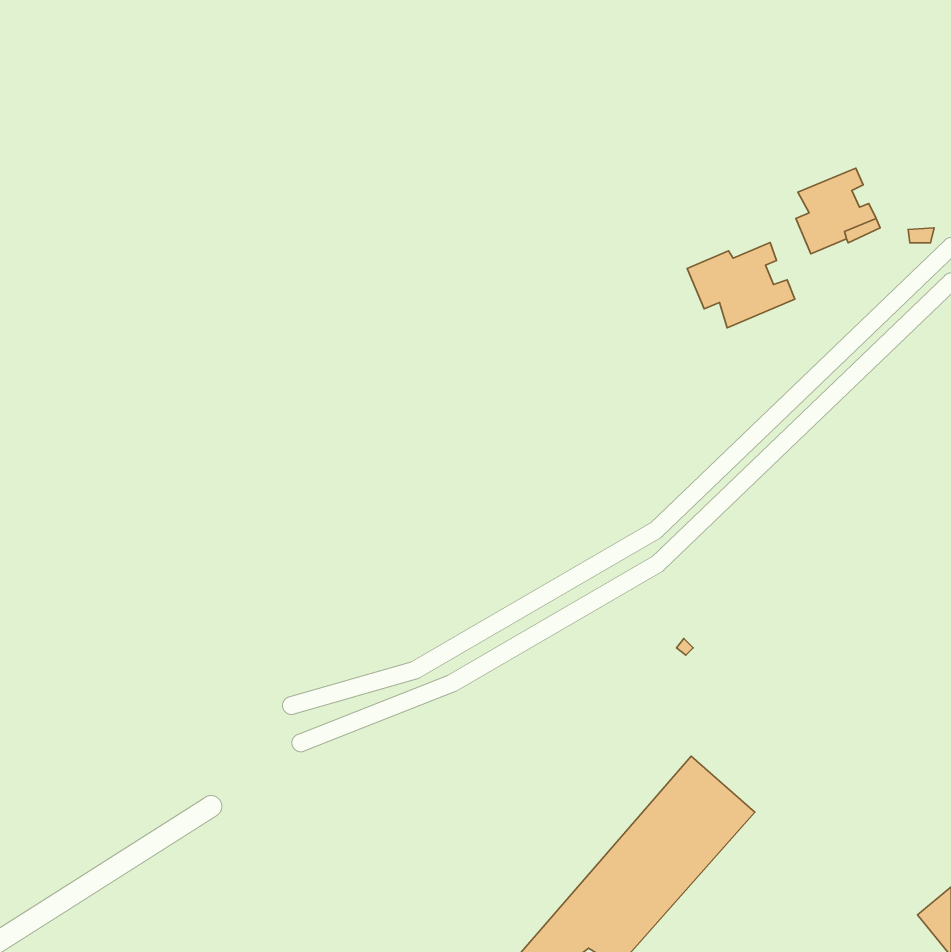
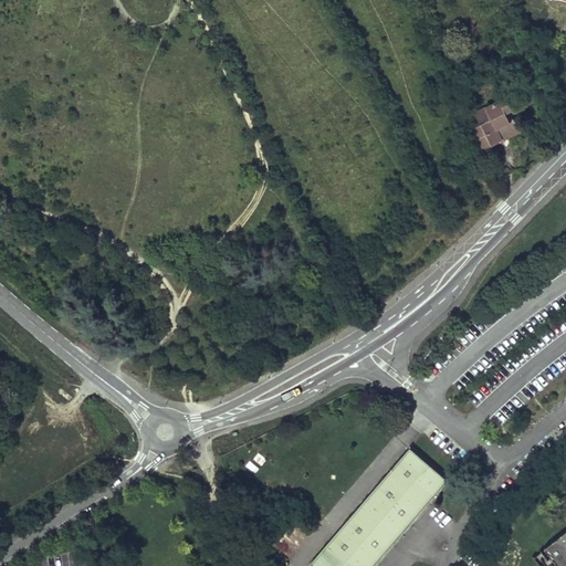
building: [687,242,795,328] -> none

